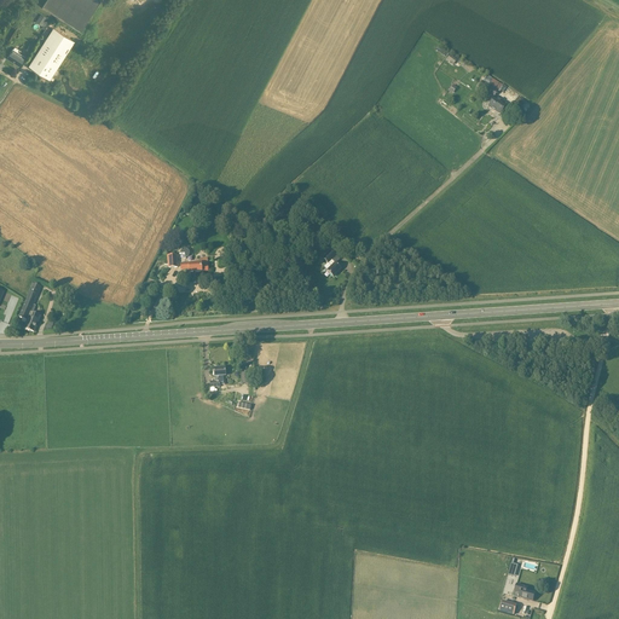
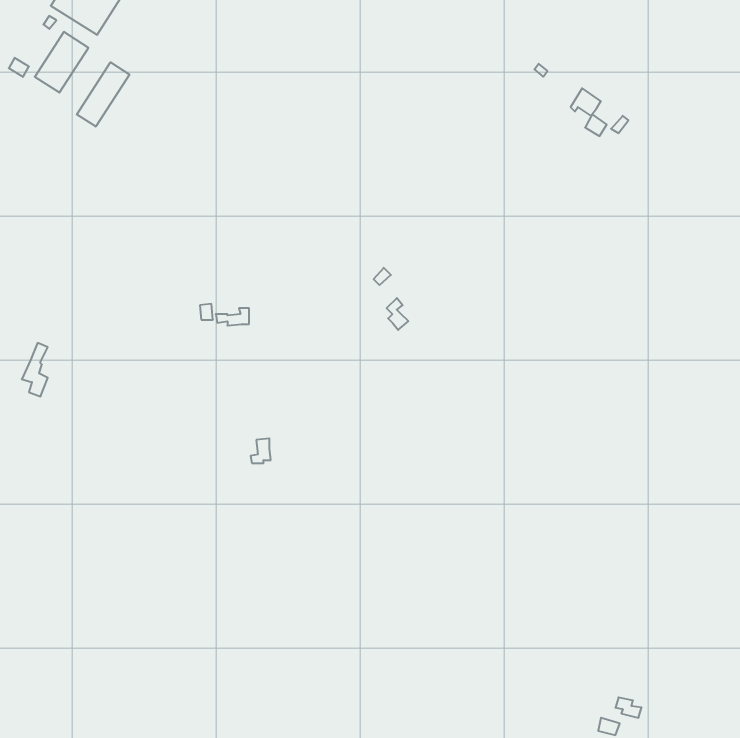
building: none -> [77,62,129,127]

